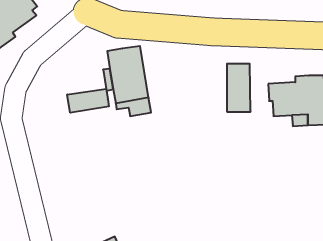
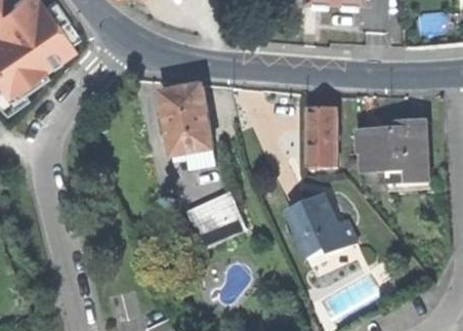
building: [67,89,109,113] -> none
building: none -> [285,191,354,253]
building: none -> [187,193,244,245]

